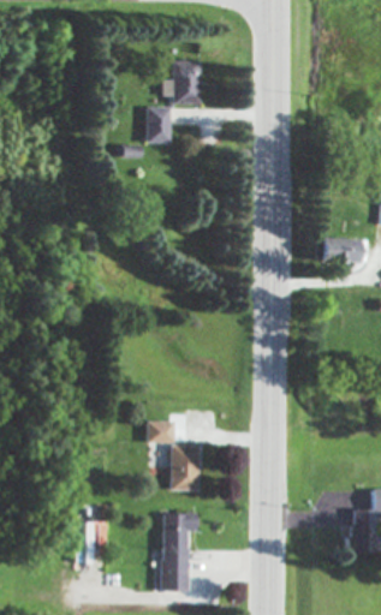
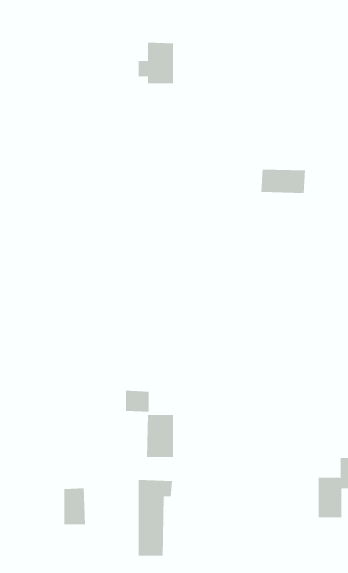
building: [145,107,171,142] -> none
building: [319,238,365,263] -> [261,169,306,193]

